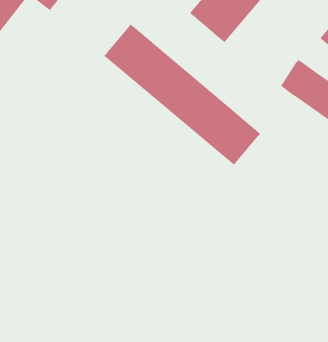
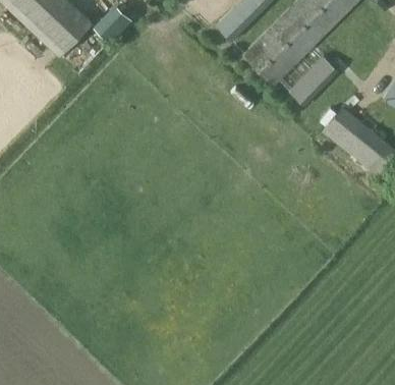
building: none -> [289,56,338,105]
building: [104,24,261,166] -> none

